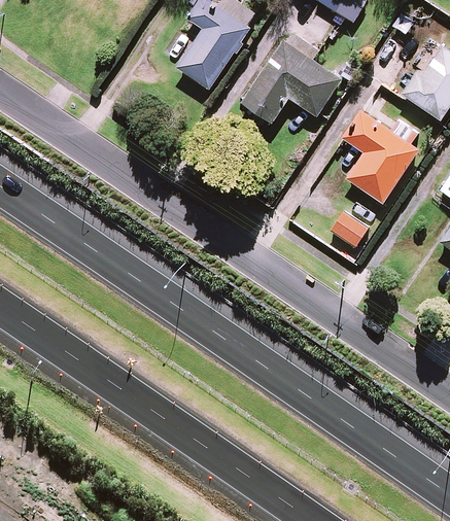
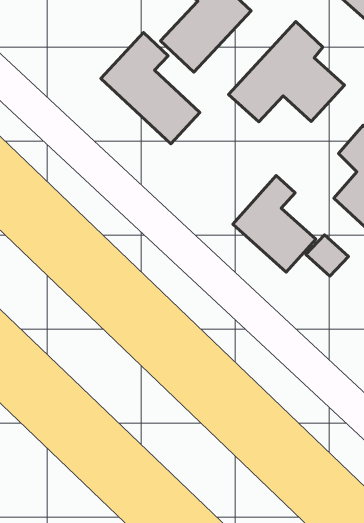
building: none -> [101,33,200,144]
building: none -> [233,176,316,272]

